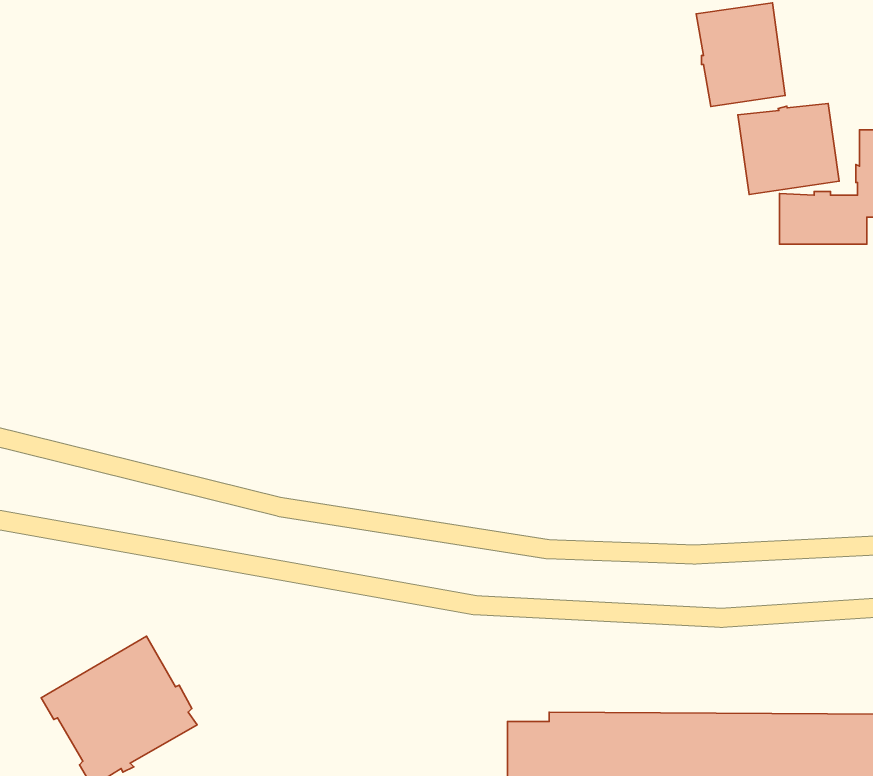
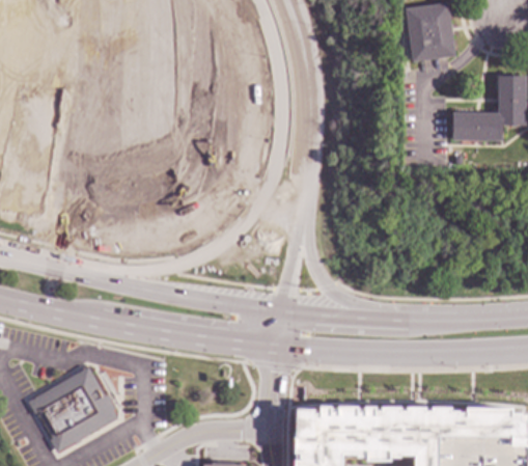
building: [738,103,839,195] -> none

